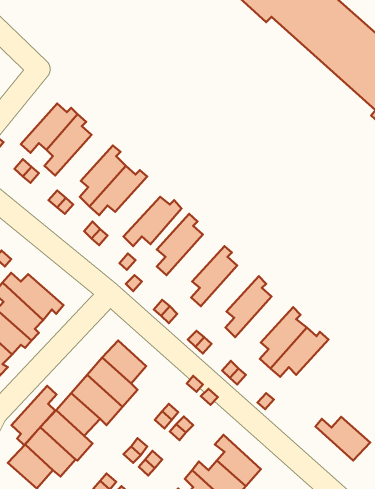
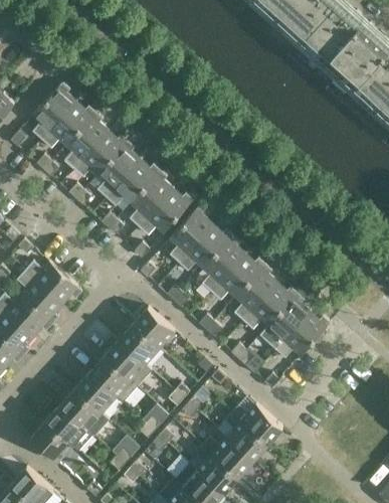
building: none -> [32,82,76,140]
building: none -> [74,131,129,177]
building: none -> [130,170,173,226]
building: none -> [179,224,233,271]
building: none -> [211,254,265,300]
building: none -> [243,283,298,329]
building: none -> [134,307,175,348]
building: [11,386,57,445] -> none
building: [316,417,370,461] -> [232,403,283,445]

